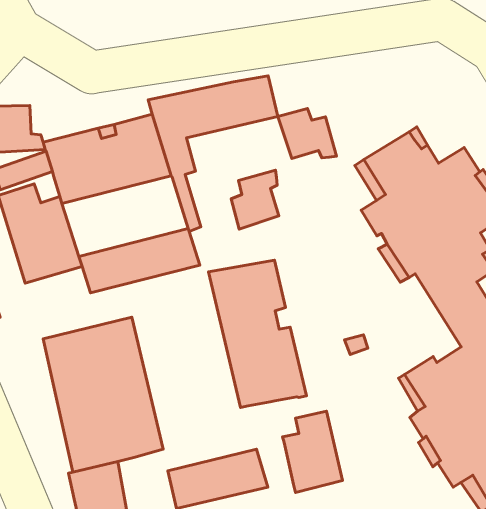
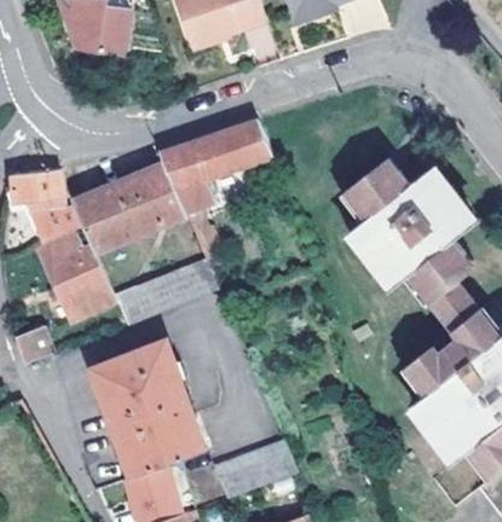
building: [278,108,337,158] -> none
building: [231,170,279,229] -> none
building: [208,260,307,407] -> none
building: [283,411,343,492] -> none

